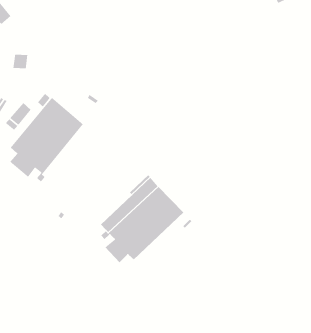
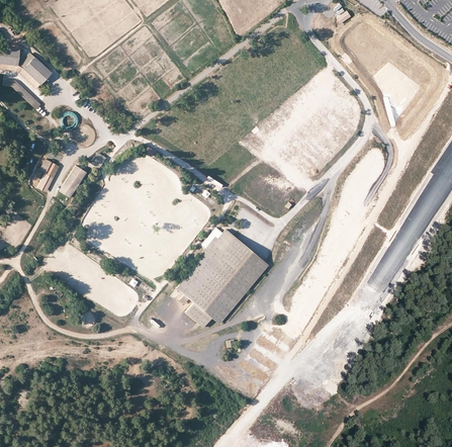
building: [9,97,84,182] -> none

